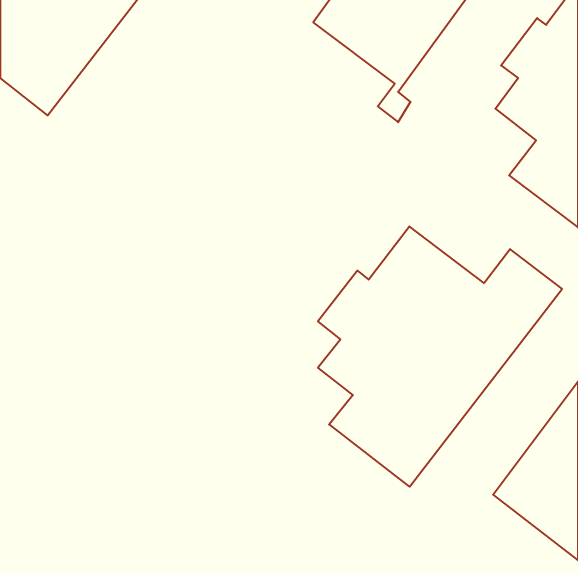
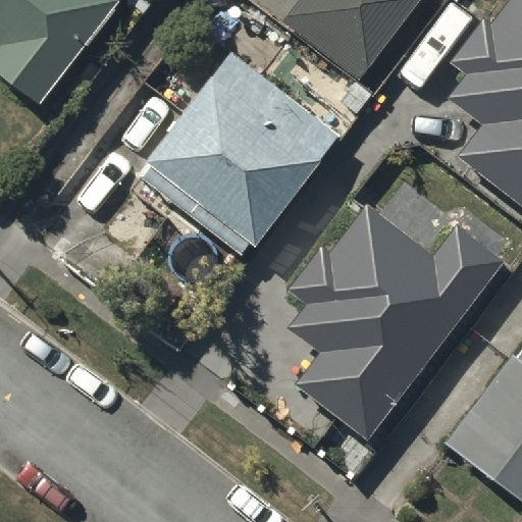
building: none -> [146,52,342,248]

